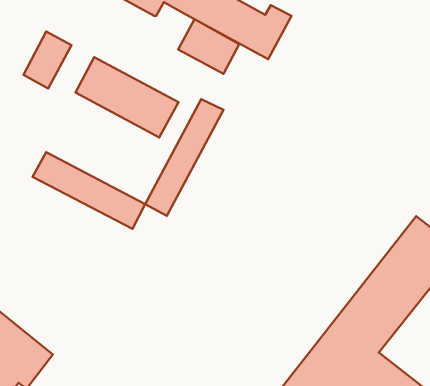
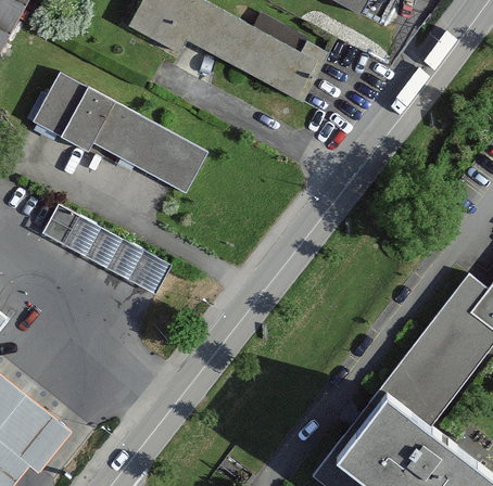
building: [178,19,239,74] -> none
building: none -> [61,87,112,148]
building: [145,99,223,216] -> none

